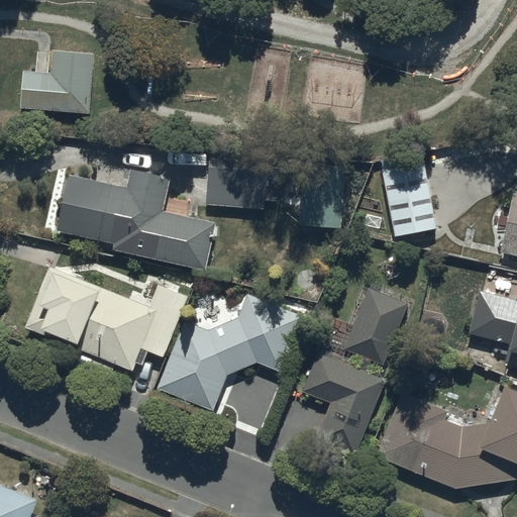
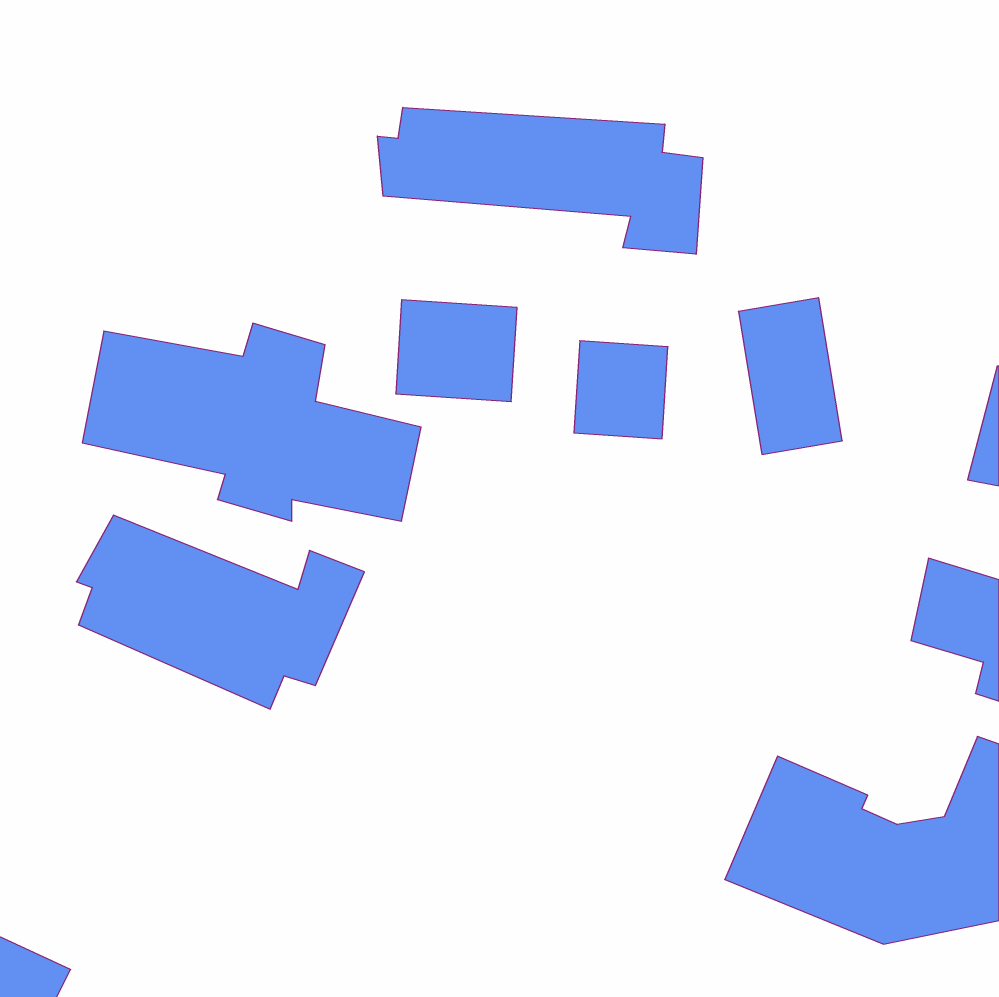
building: [19,48,93,113] -> none
building: none -> [377,107,703,254]
building: [302,291,405,459] -> none
building: [159,295,302,410] -> none

